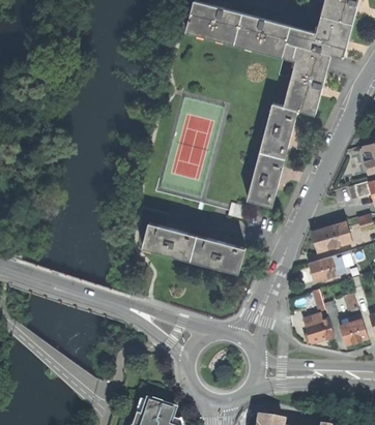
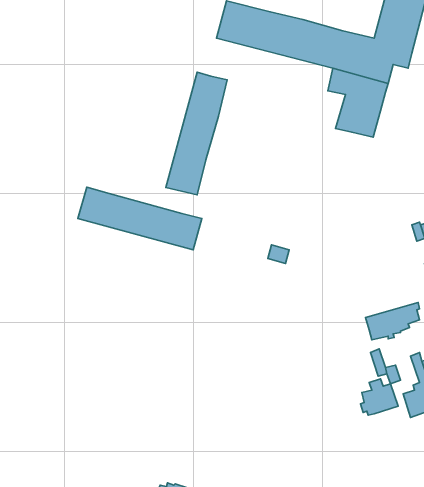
building: [246,103,296,205] -> [166,72,227,195]
building: [311,221,351,252] -> none
building: [141,222,243,274] -> [78,187,202,250]

